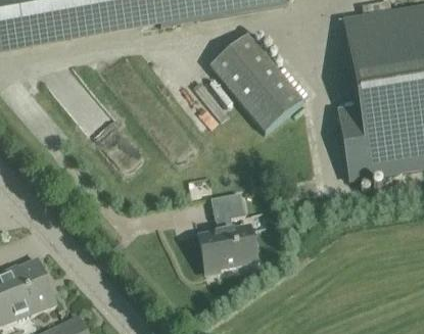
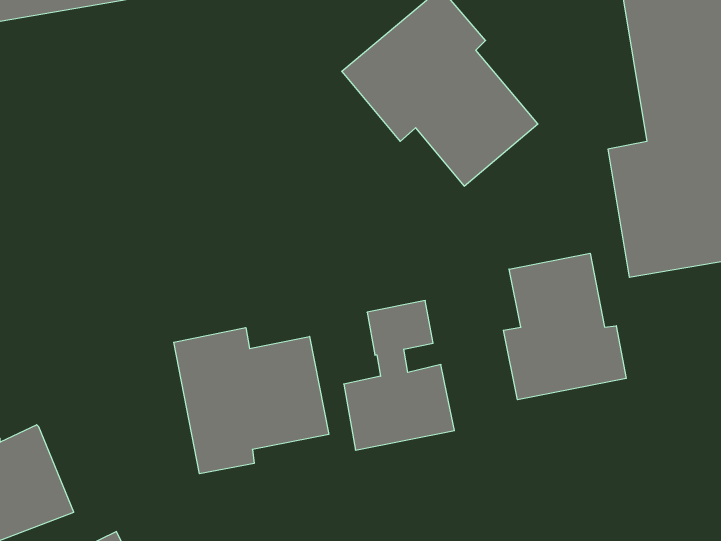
building: none -> [503,253,626,400]
building: none -> [174,328,329,474]

